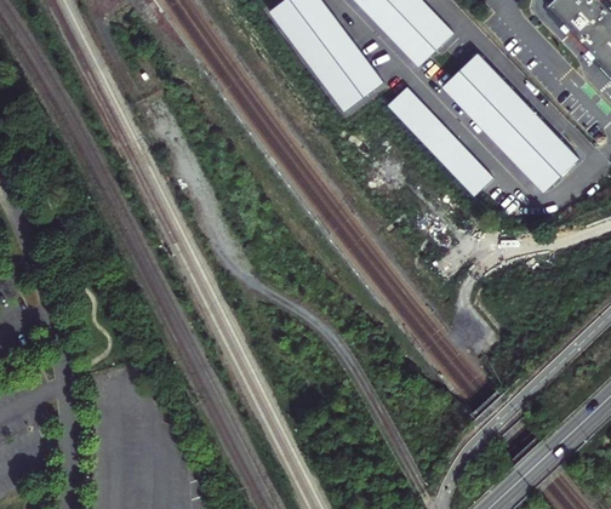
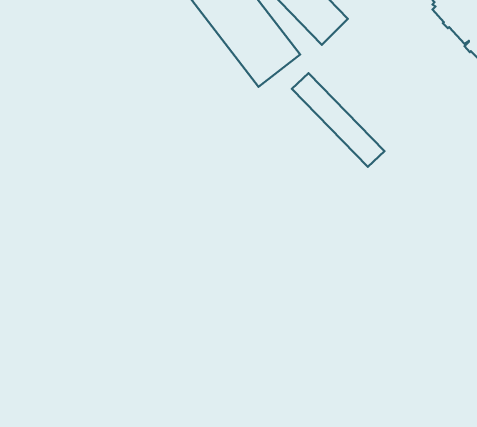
building: [441,48,579,189] -> none

